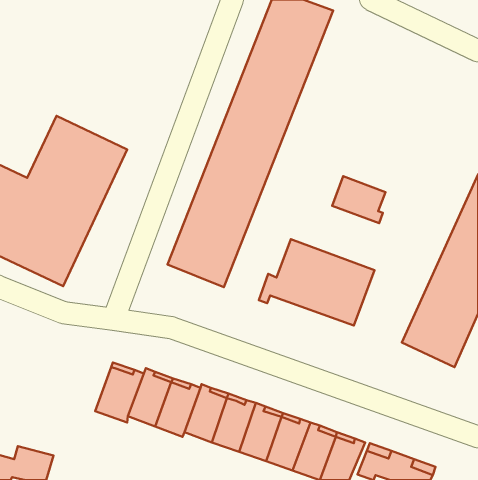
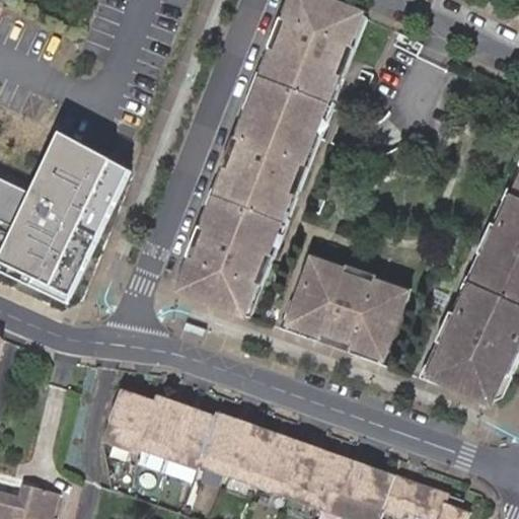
building: [332,176,386,223] -> none

